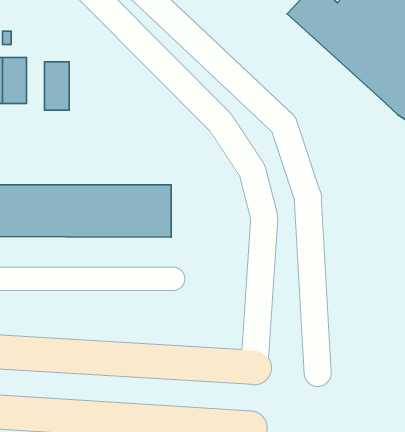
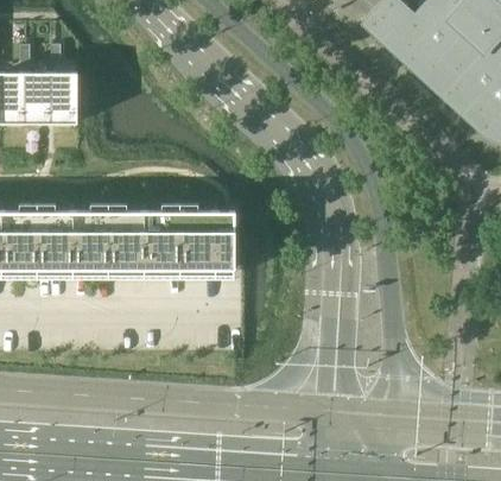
building: [44,62,69,110] -> none

